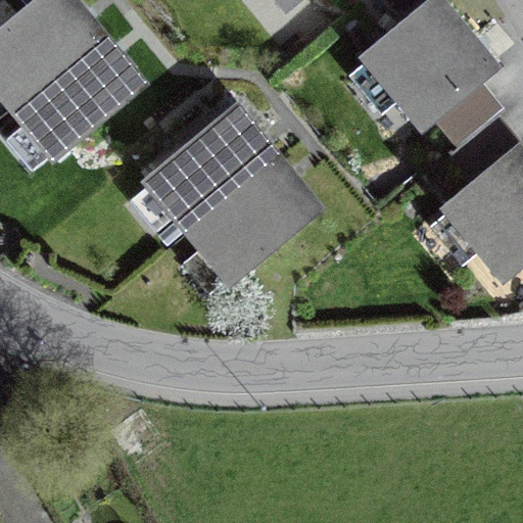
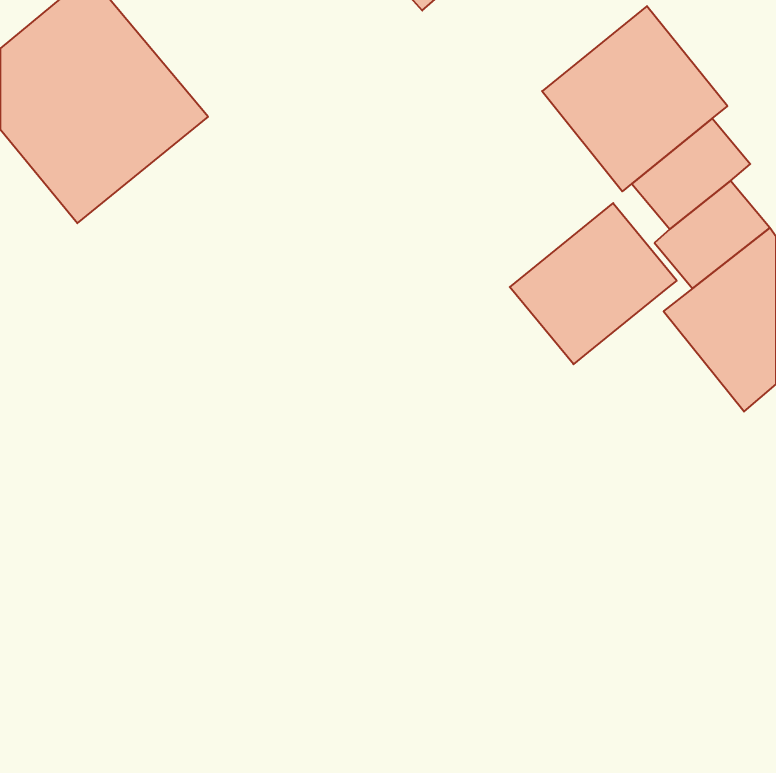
building: [149,108,314,274] -> none
building: none -> [510,203,677,364]

